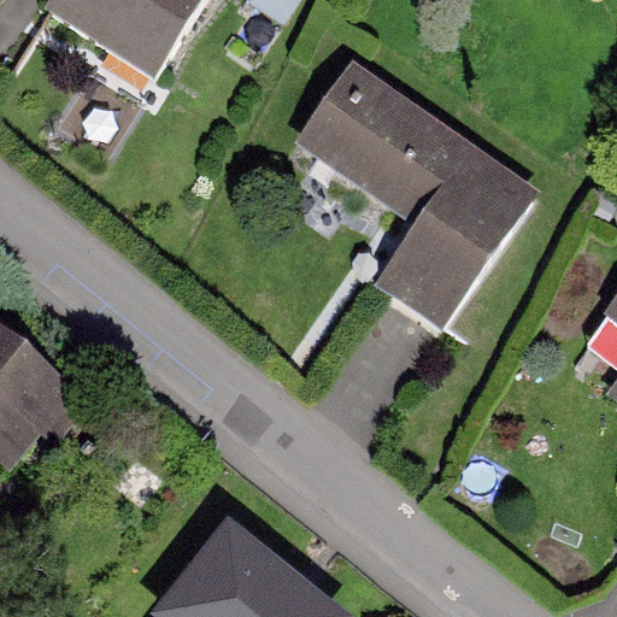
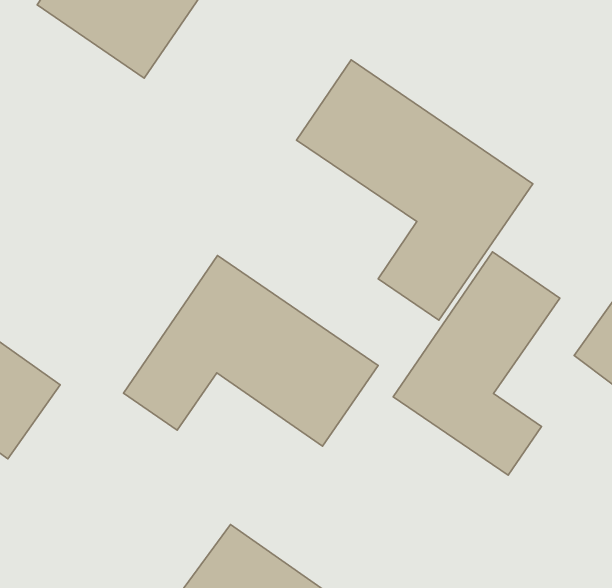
building: none -> [393,252,560,475]
building: none -> [124,256,378,446]

